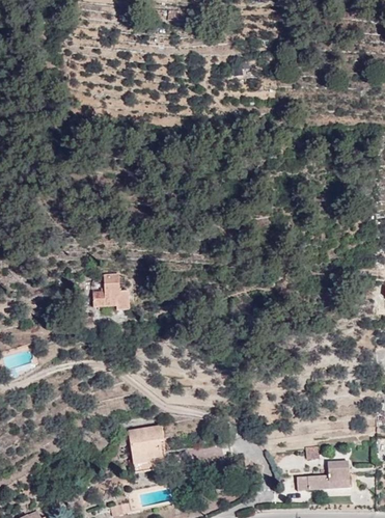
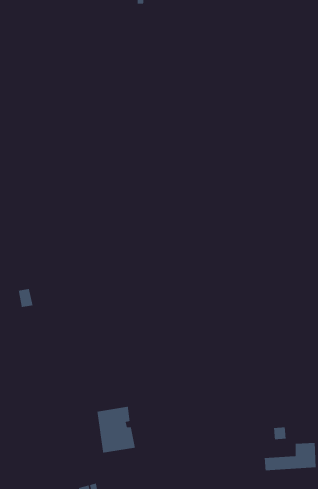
building: [93,274,130,309] -> none

